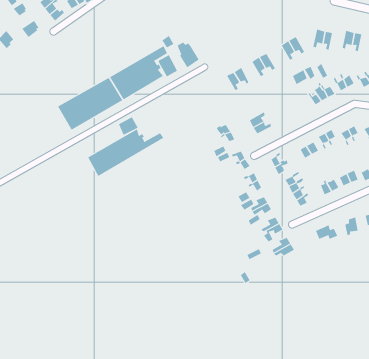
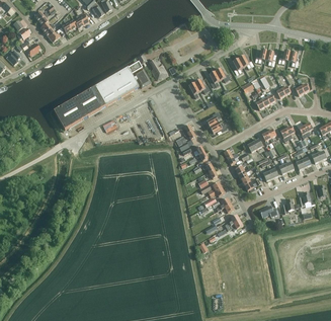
building: [88,129,164,177] -> none

